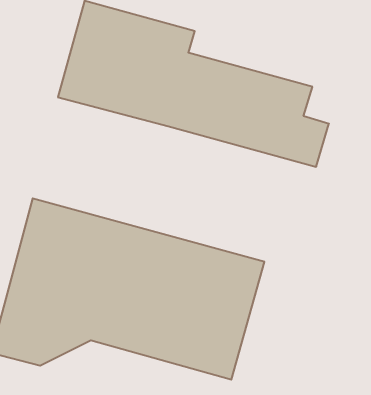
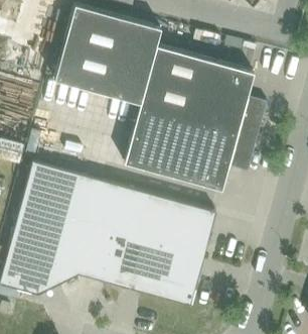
building: none -> [123,104,257,191]

